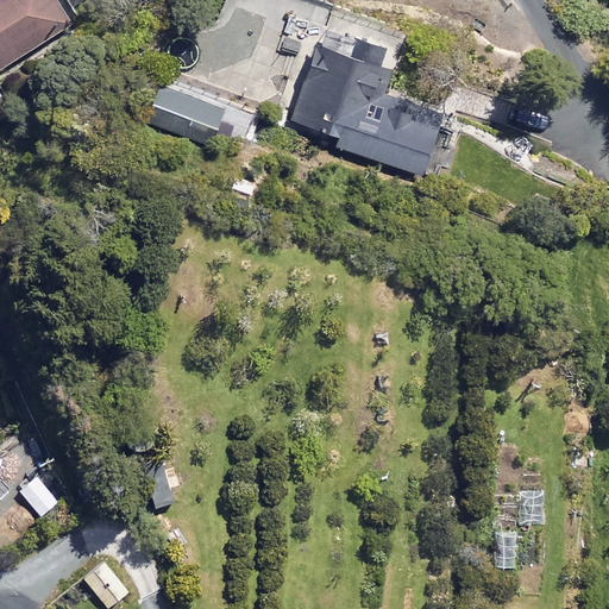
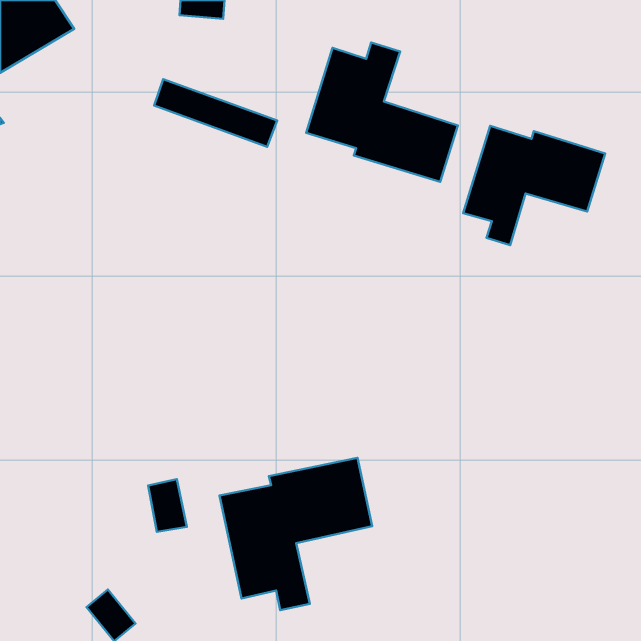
building: none -> [463,126,605,245]
building: none -> [220,458,372,610]

